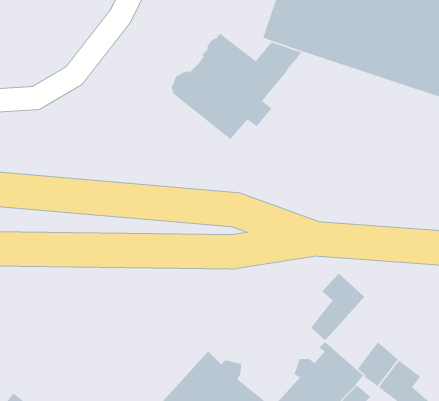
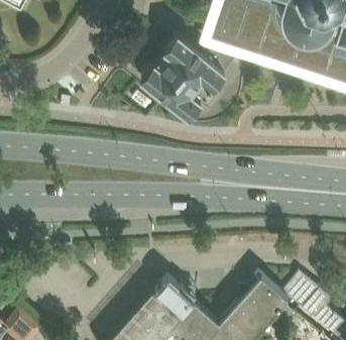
building: [310,273,365,341] -> none

